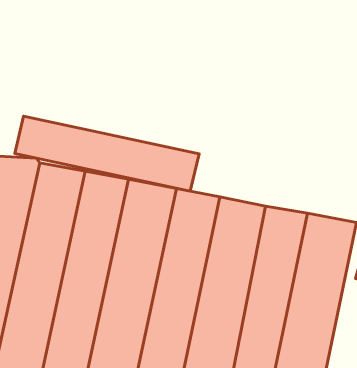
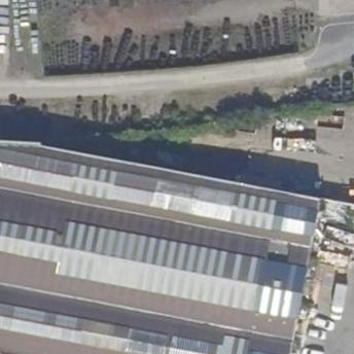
building: [15,116,199,191] -> none

